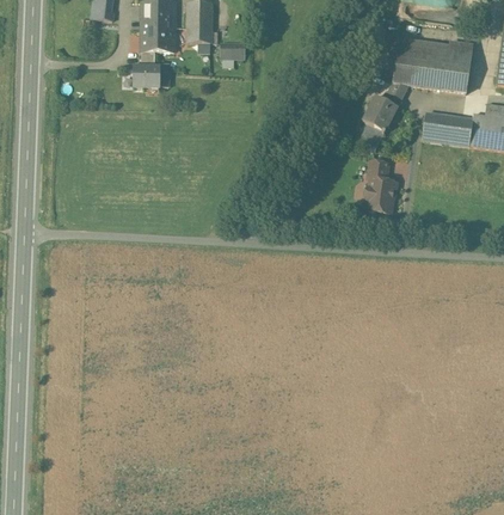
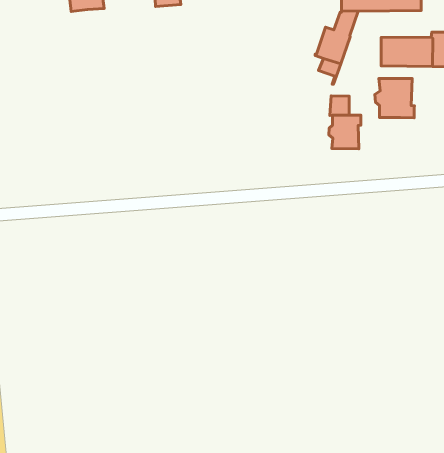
building: [136,49,162,86] -> none
building: none -> [375,79,414,118]

